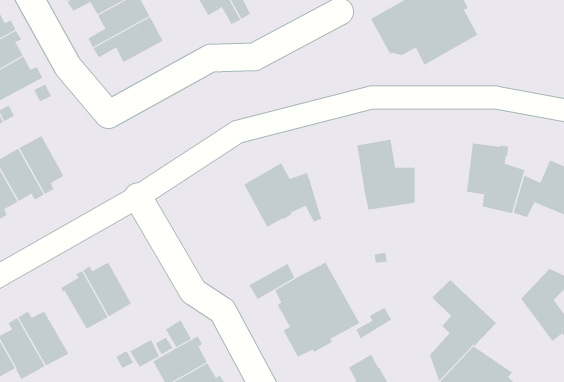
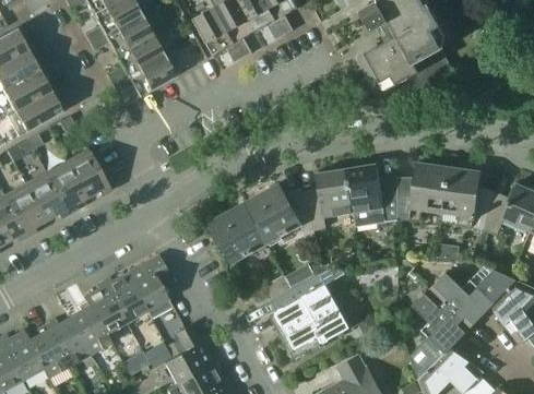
building: none -> [67,148,111,196]
building: none -> [399,162,449,220]
building: none -> [306,169,353,231]
building: none -> [211,204,266,261]
building: none -> [126,254,173,318]
building: none -> [429,268,518,327]
building: none -> [69,299,111,355]

